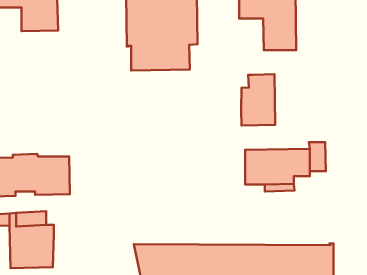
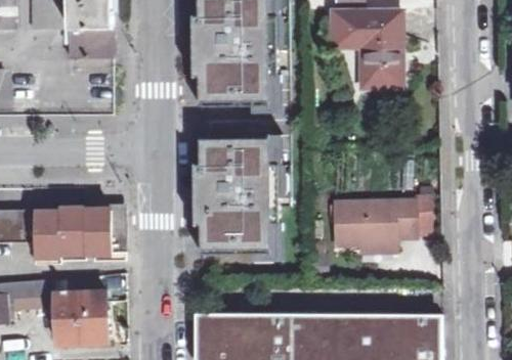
building: [241,74,275,126] -> none
building: none -> [194,134,280,254]

